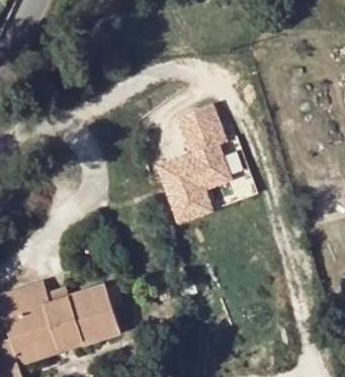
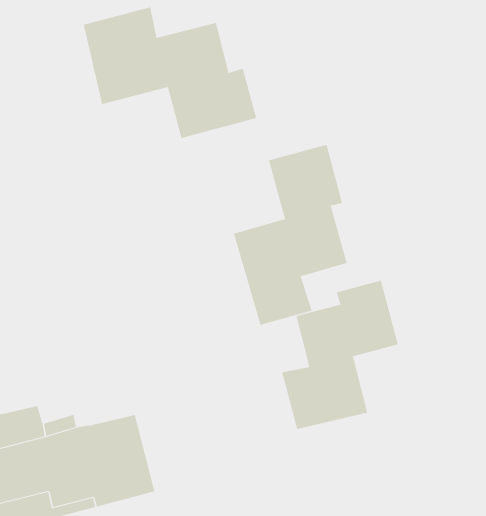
building: none -> [83,7,257,139]
building: none -> [282,280,398,430]

